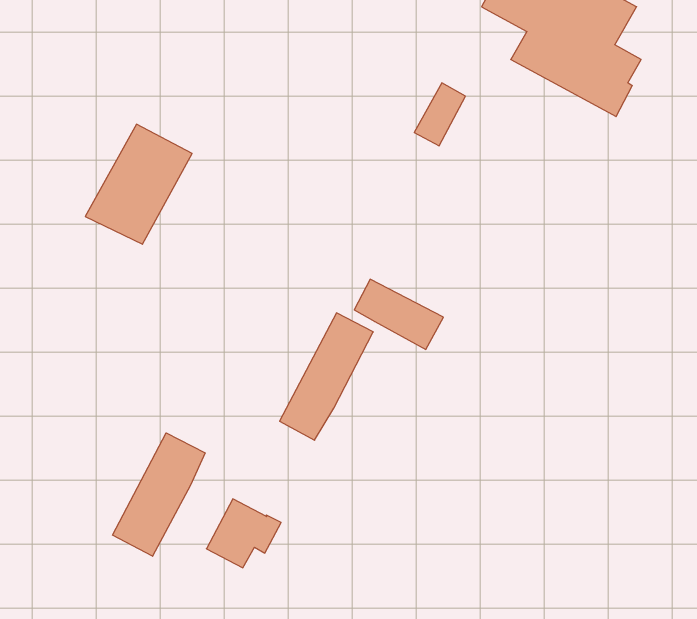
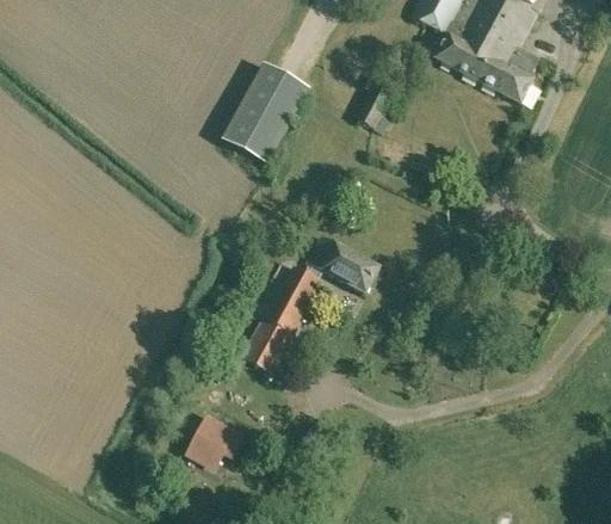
building: [85,124,192,244] -> [222,63,309,161]
building: [113,433,205,556] -> none

